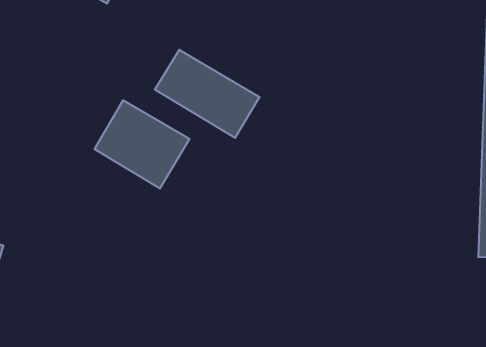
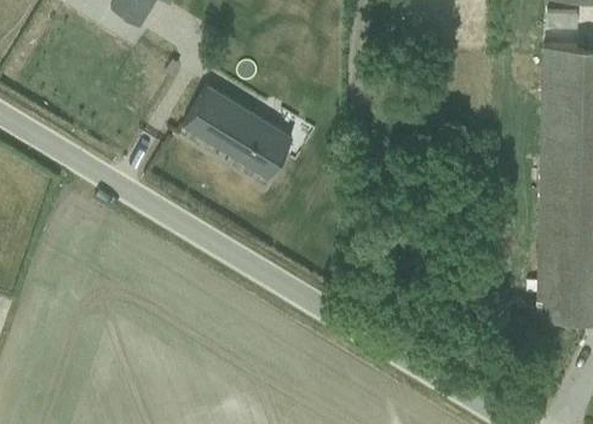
building: [95,100,189,189] -> none

